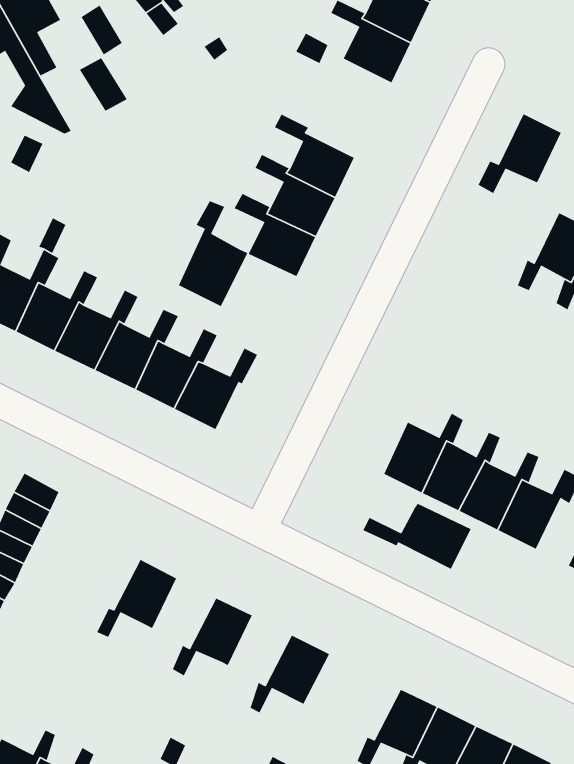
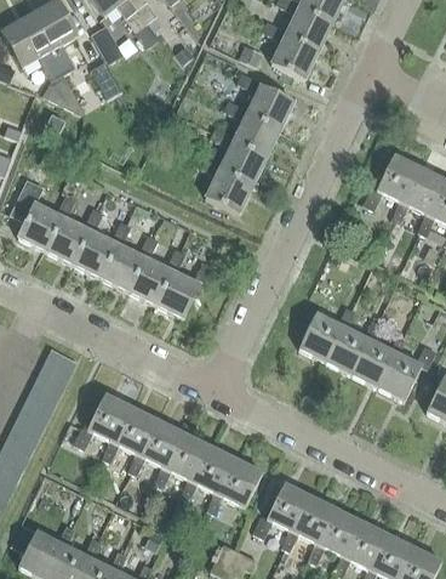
building: none -> [238,72,295,130]
building: [478,113,562,194] -> [362,154,421,210]
building: [178,200,248,307] -> none
building: [362,503,472,570] -> none
building: none -> [74,393,132,449]
building: none -> [128,420,184,475]
building: none -> [181,445,236,500]
building: none -> [252,483,311,538]

